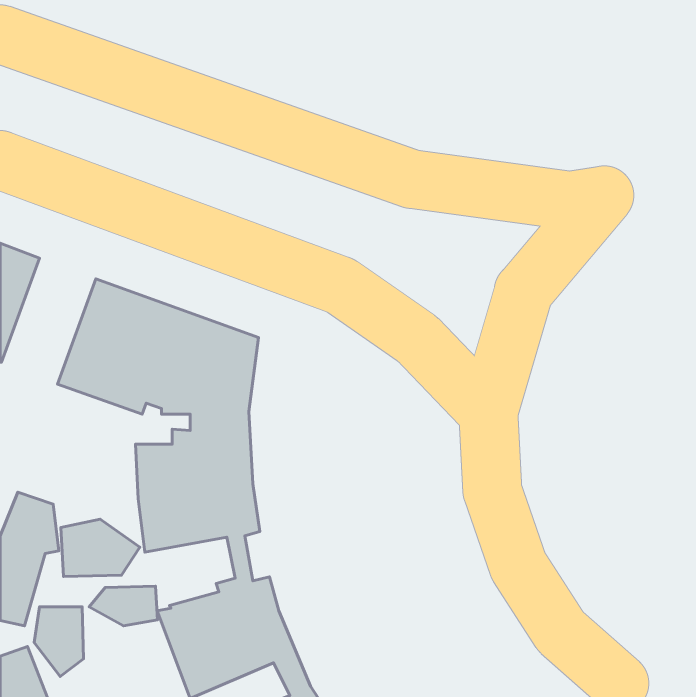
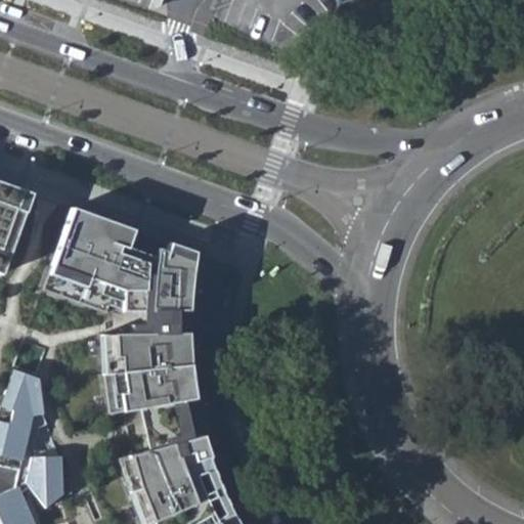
building: [61,519,140,577] -> none
building: [89,586,158,626] -> none

